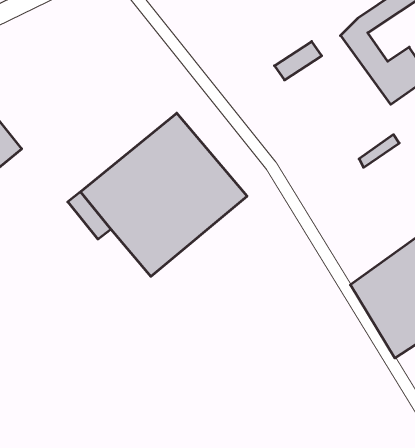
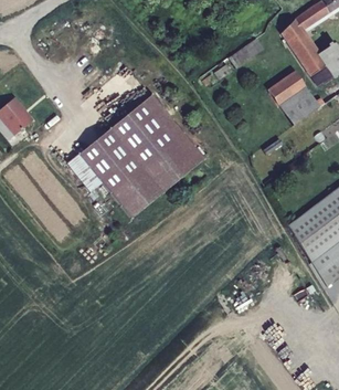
building: none -> [268,72,319,125]

